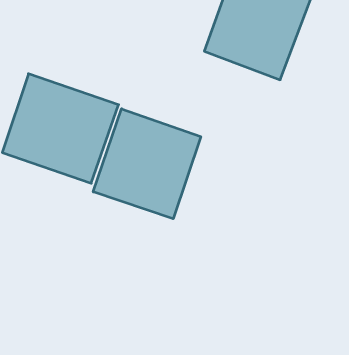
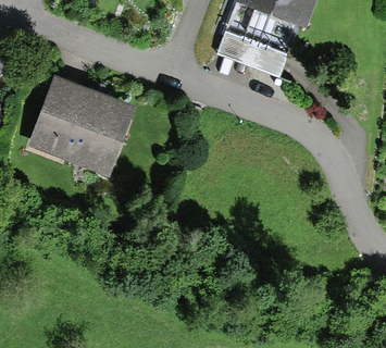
building: [93,109,201,219] -> none

